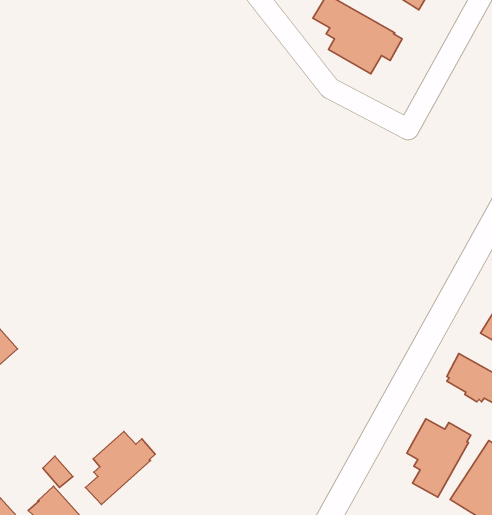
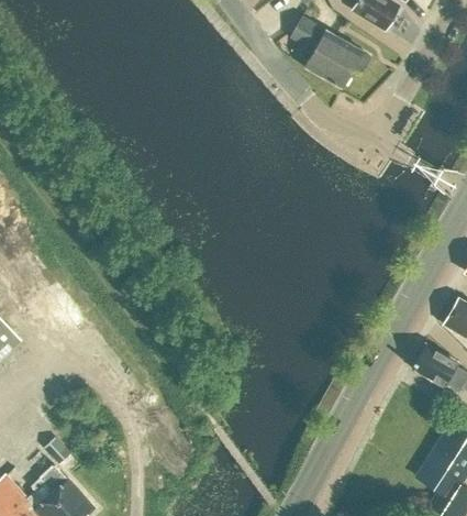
building: [407,419,471,497] -> none
building: [86,432,155,504] -> none

